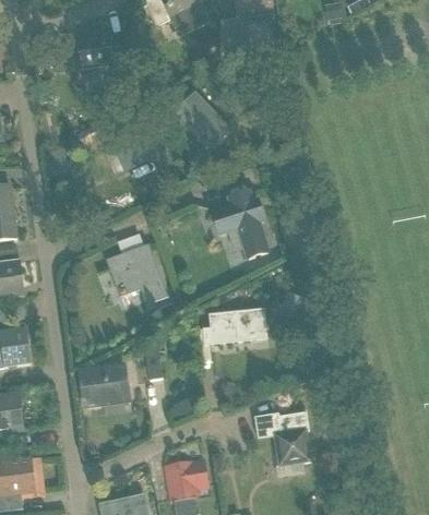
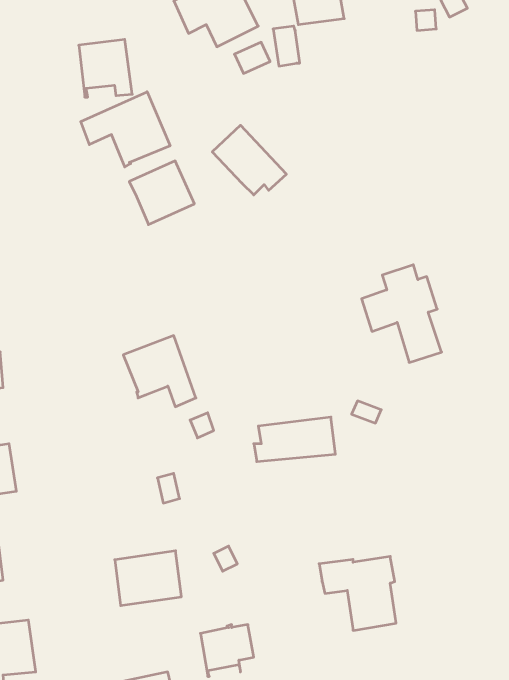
building: none -> [81,92,170,167]
building: [211,188,270,260] -> [362,265,442,362]
building: [80,364,129,405] -> [115,551,181,606]

